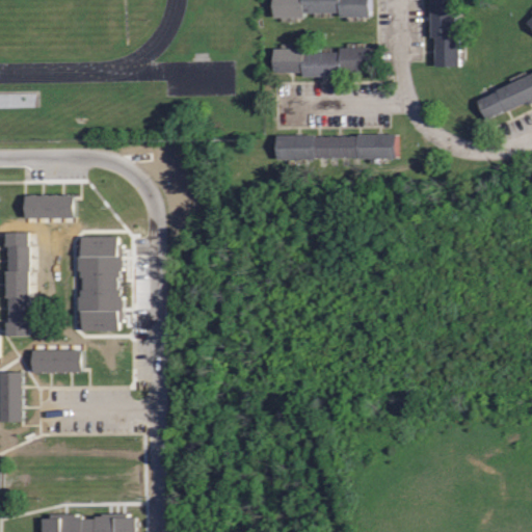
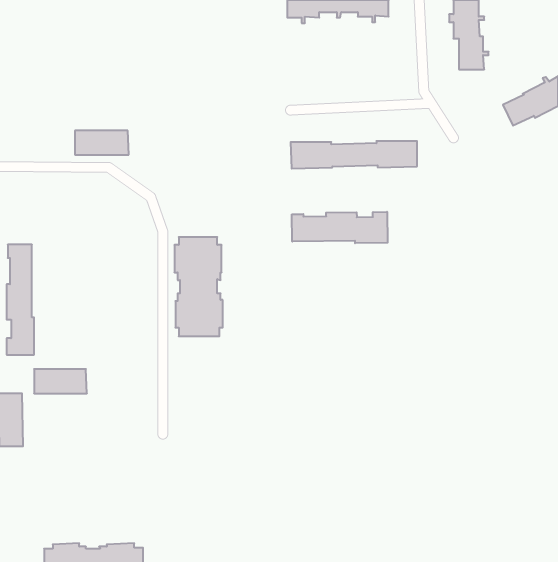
building: [271,43,368,80] -> none
building: [23,195,74,218] -> [75,131,129,155]
building: none -> [292,212,388,243]
building: [76,237,122,330] -> [174,237,223,336]

